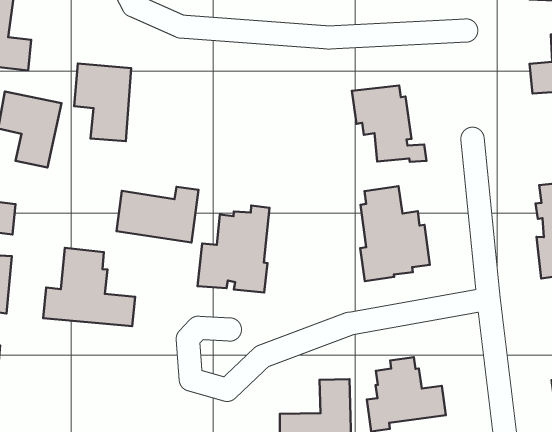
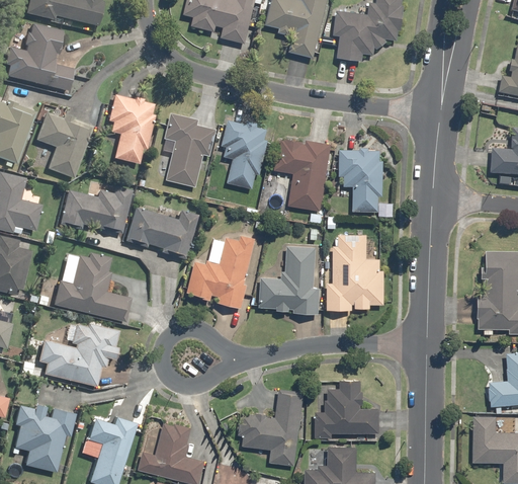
building: none -> [220,119,268,189]
building: none -> [163,112,217,188]
building: none -> [274,138,331,212]
building: none -> [56,184,132,235]
building: none -> [257,245,320,315]
building: none -> [36,321,118,387]

